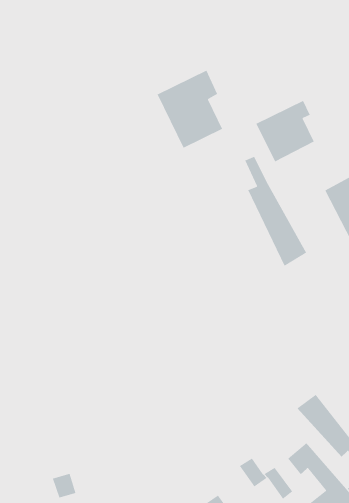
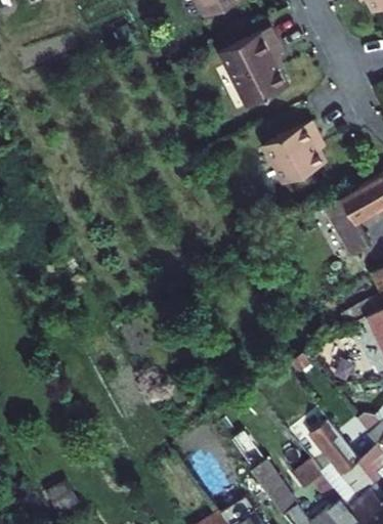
building: [156,70,223,149] -> [216,28,283,106]
building: [244,156,307,267] -> none

